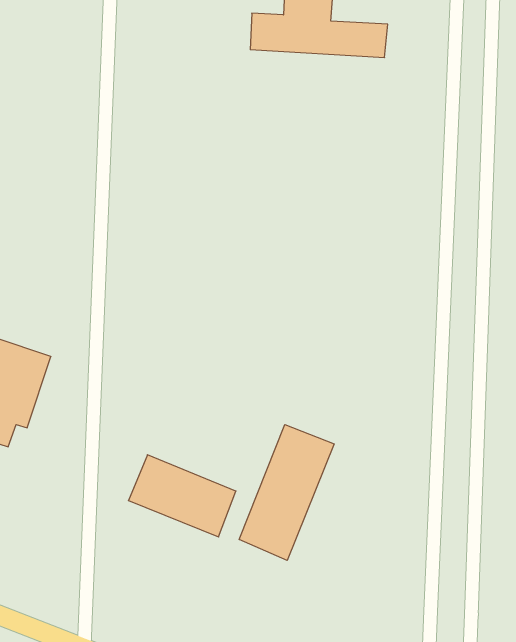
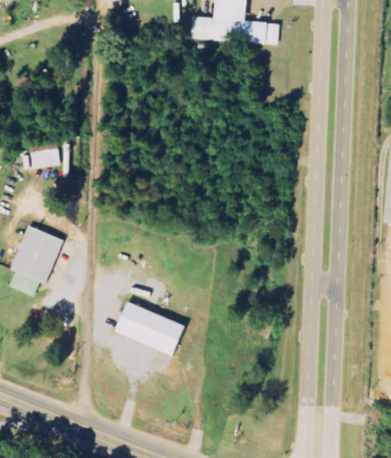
building: none -> [35,143,60,166]
building: [239,425,334,560] -> none

